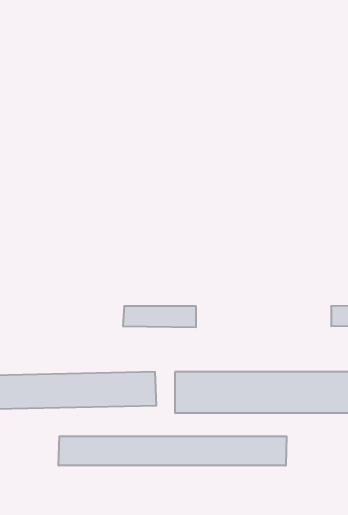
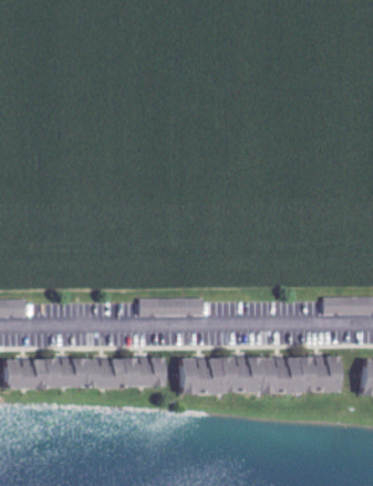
building: [59,436,286,466] -> none

